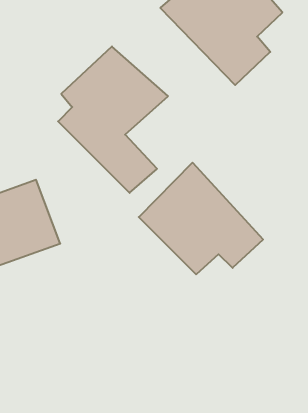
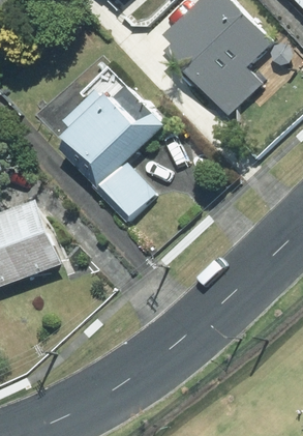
building: [139,163,263,274] -> none

